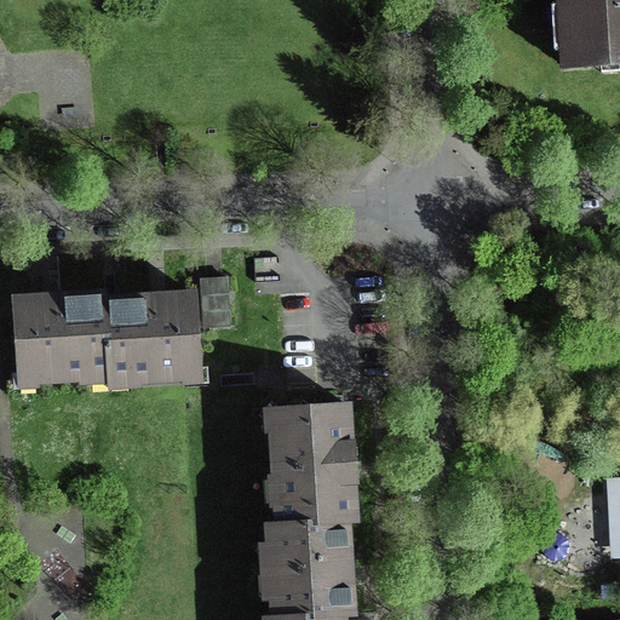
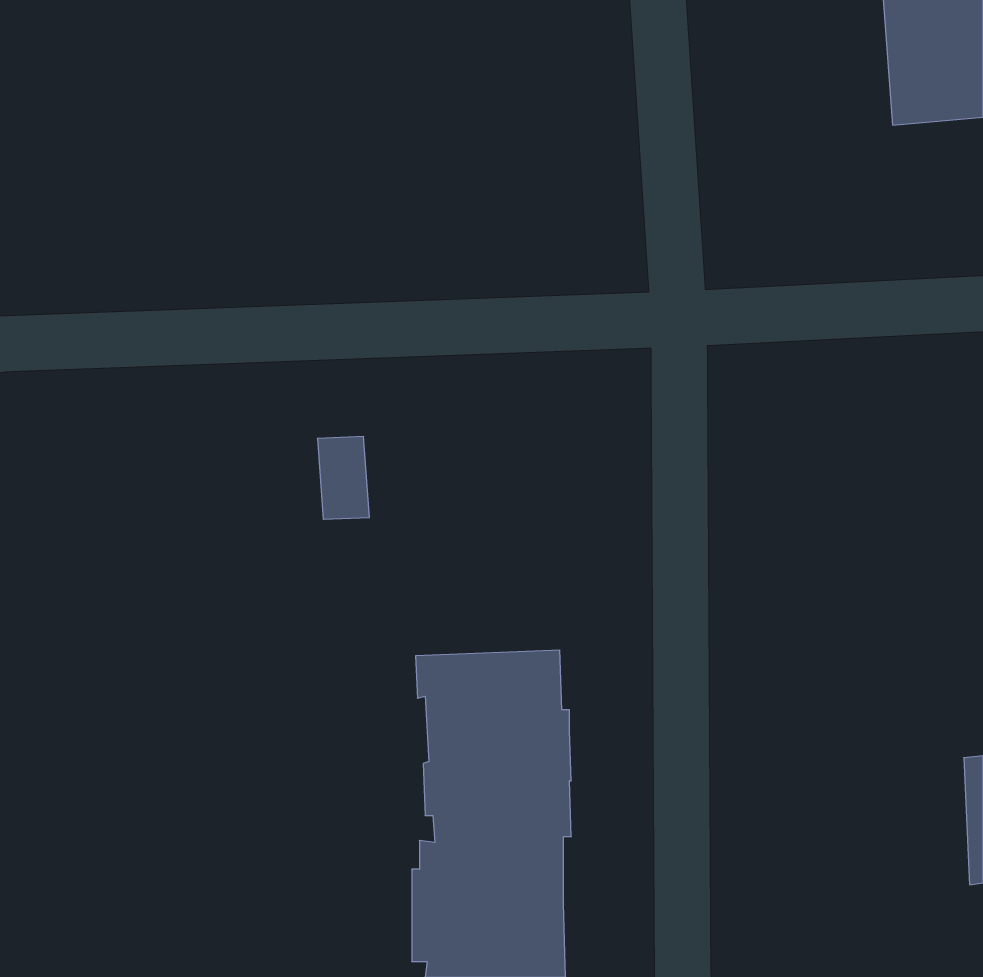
building: [12,293,202,378] -> none

